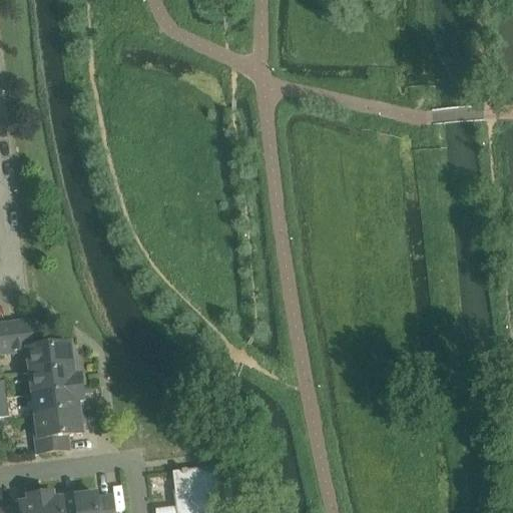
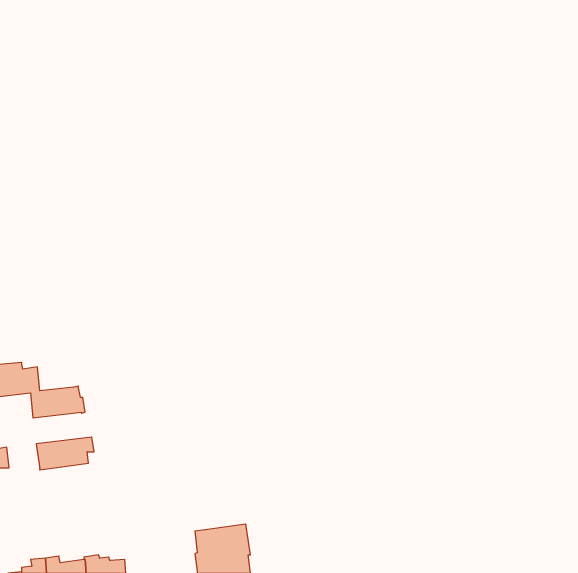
building: [29,365,81,393] -> none
building: [32,409,82,452] -> none

